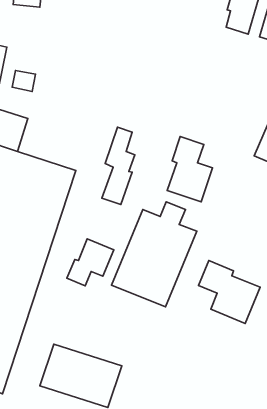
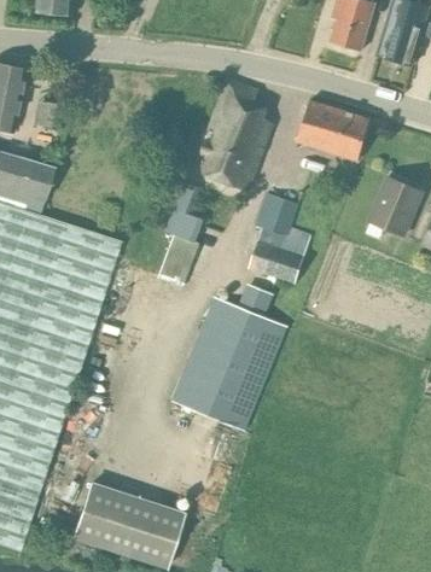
building: none -> [193,77,273,188]
building: none -> [296,99,371,160]
building: [67,239,114,286] -> none
building: [198,260,260,323] -> none

